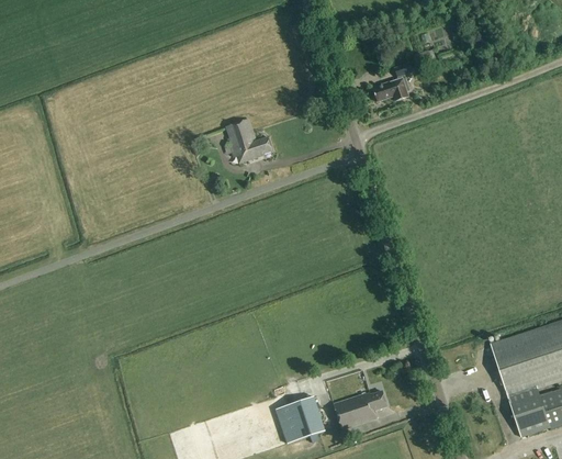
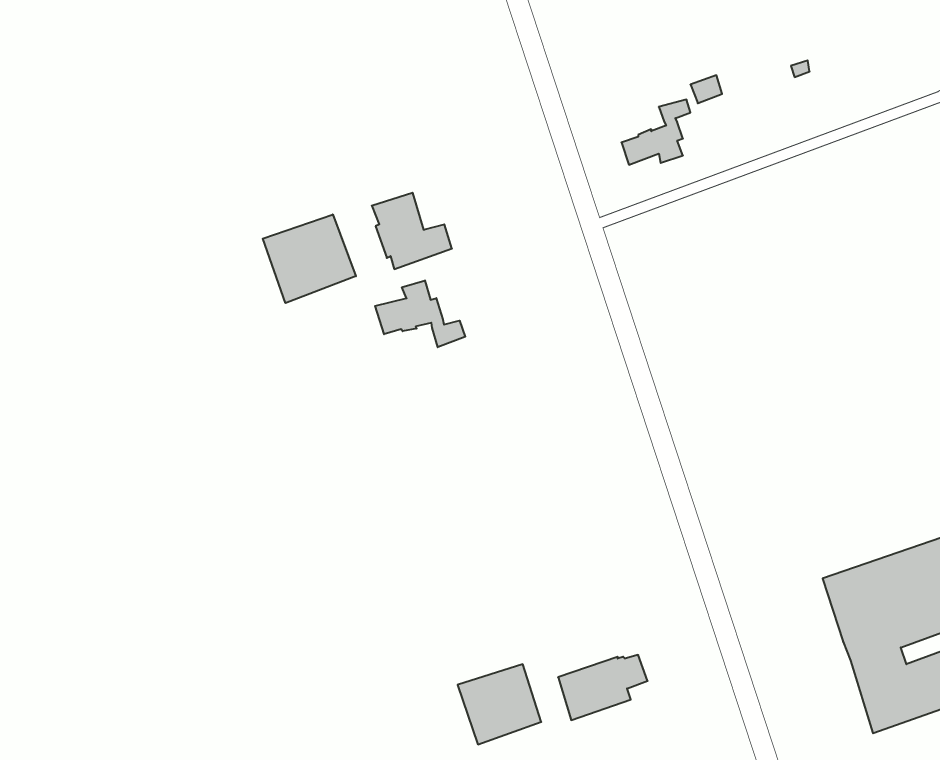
building: none -> [263,214,356,303]
building: none -> [375,280,465,347]

